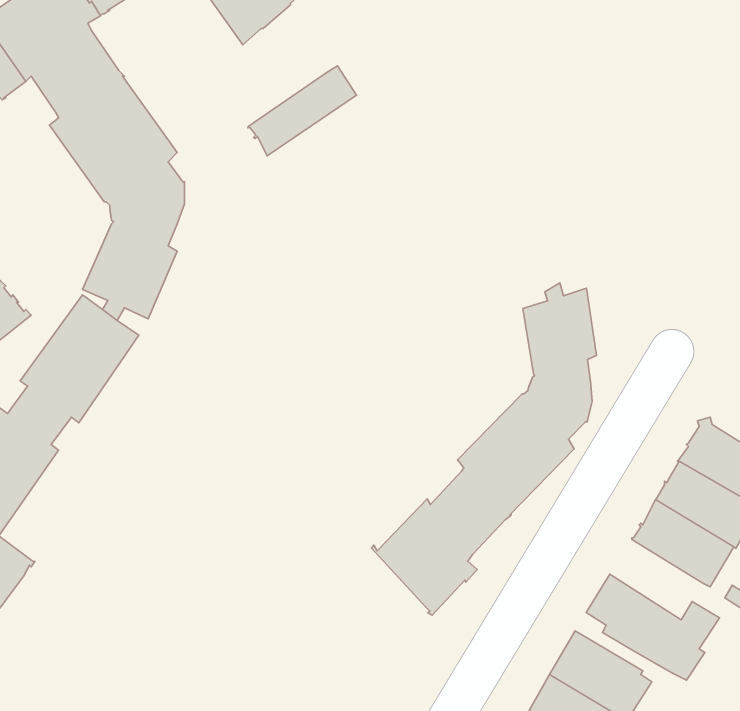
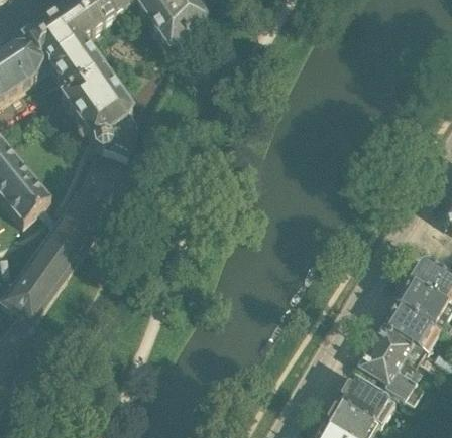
building: [248,66,357,156] -> none
building: [371,283,596,615] -> none
building: none -> [370,321,422,366]

